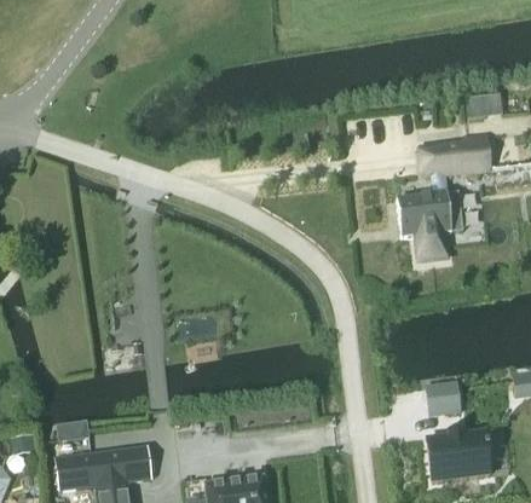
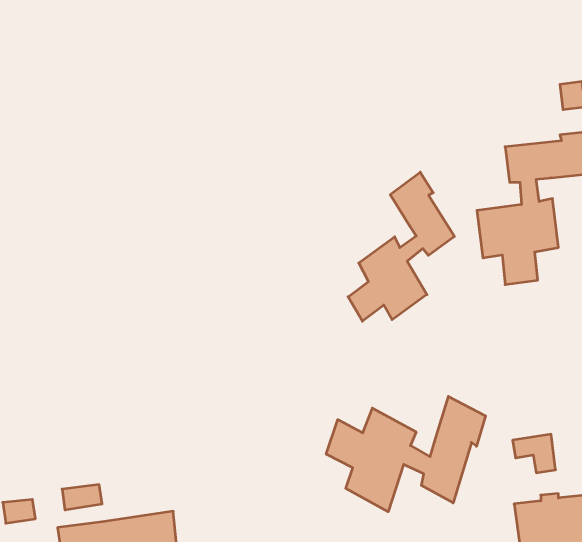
building: none -> [348,172,454,321]
building: none -> [326,396,486,512]

